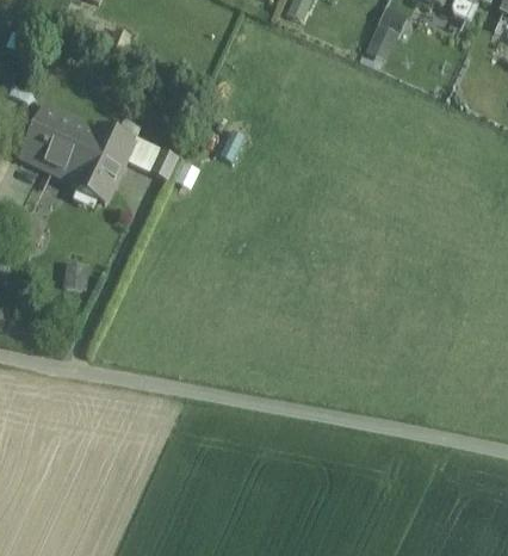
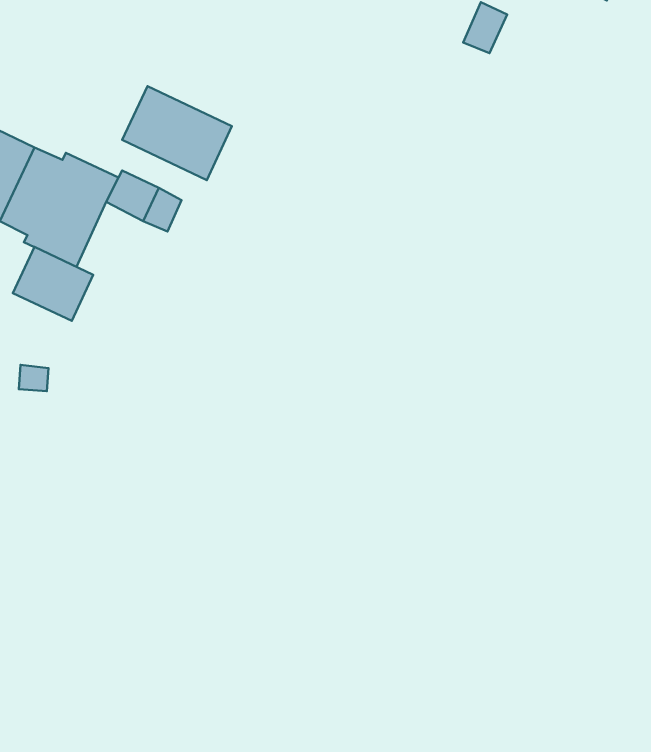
building: none -> [122,86,232,180]
building: none -> [13,247,93,321]

